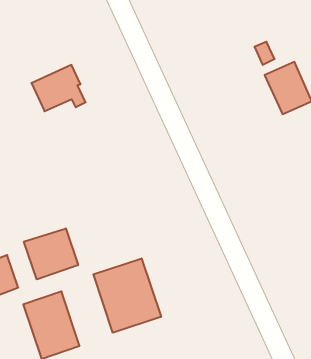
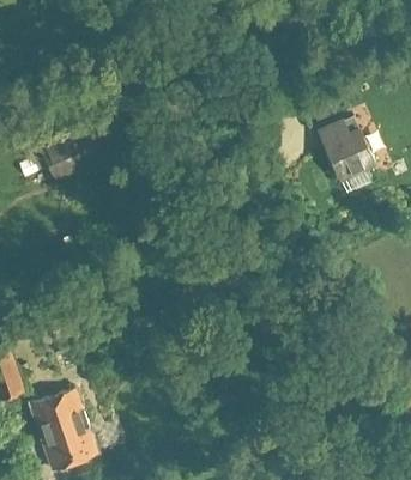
building: [24,228,78,279] -> none
building: [93,258,161,333] -> none

